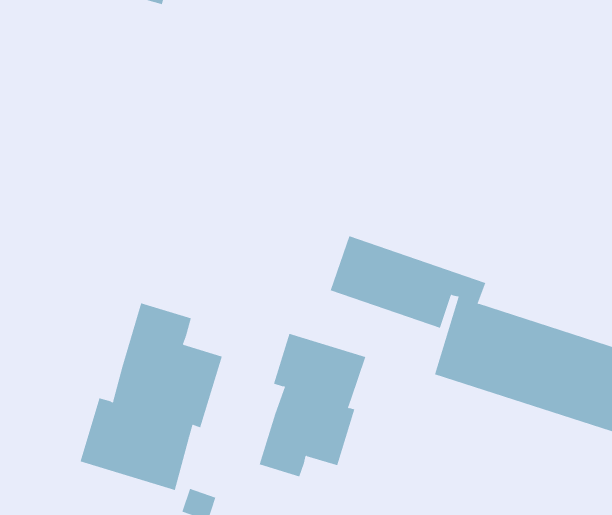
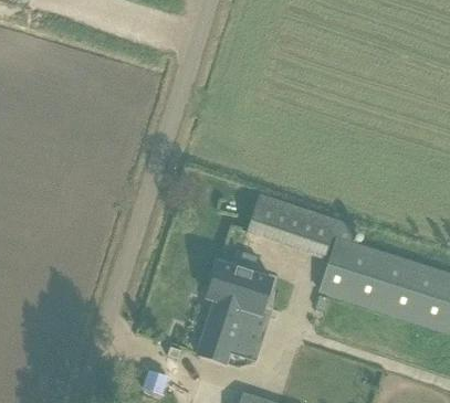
building: [80,303,222,491] -> none

